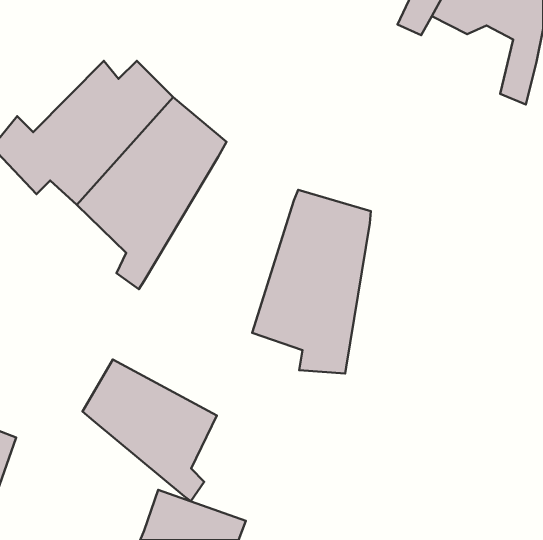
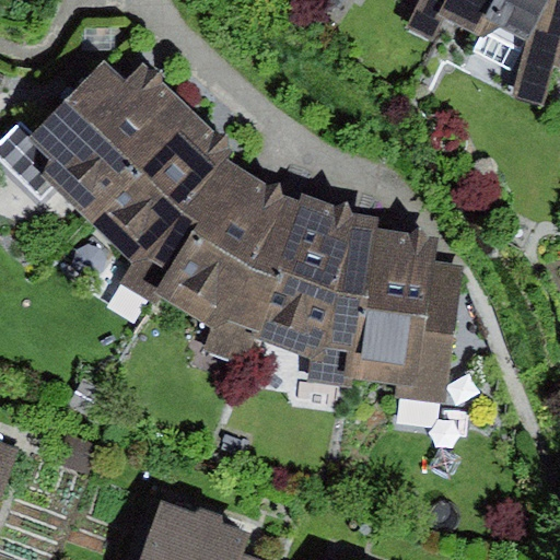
building: none -> [148,161,301,365]
building: none -> [354,229,464,400]
building: [83,359,217,501] -> none

